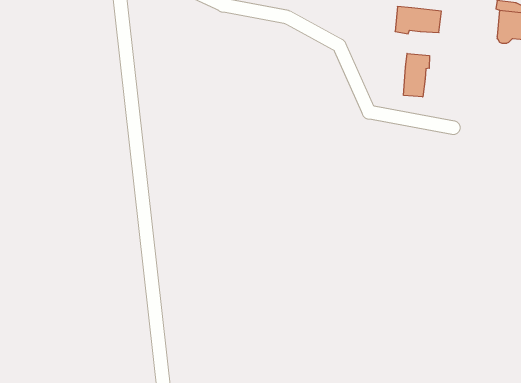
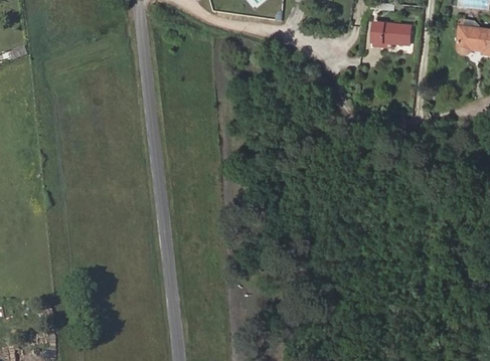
building: [404,53,429,97] -> none

